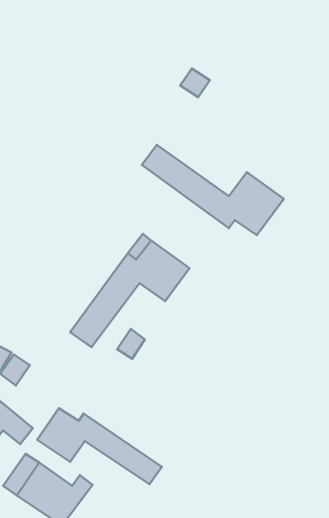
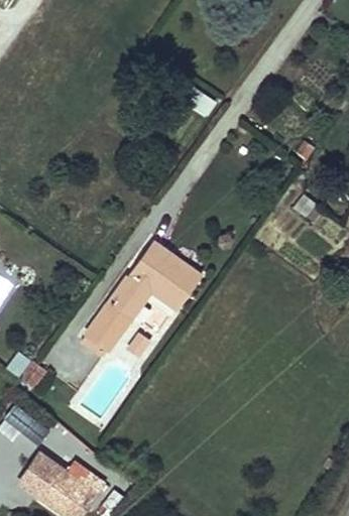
building: [142,145,284,235] -> none
building: [37,408,162,484] -> none

